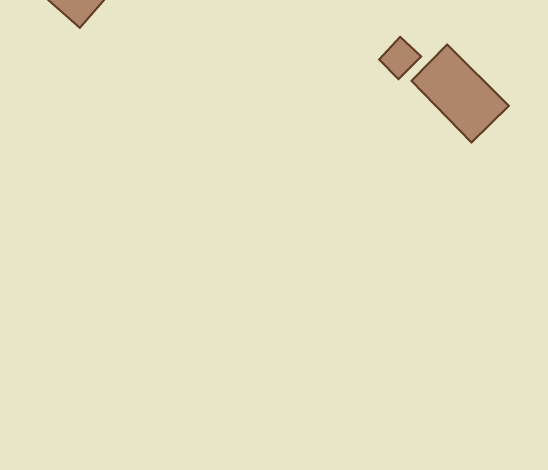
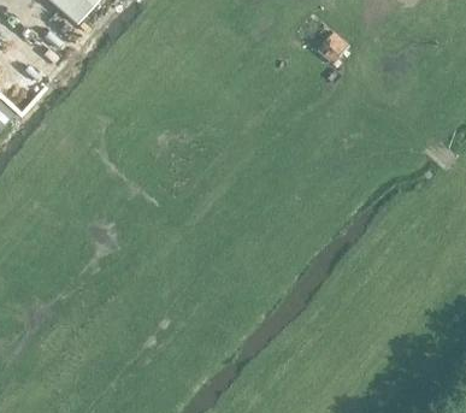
building: [411,44,509,142] -> none

